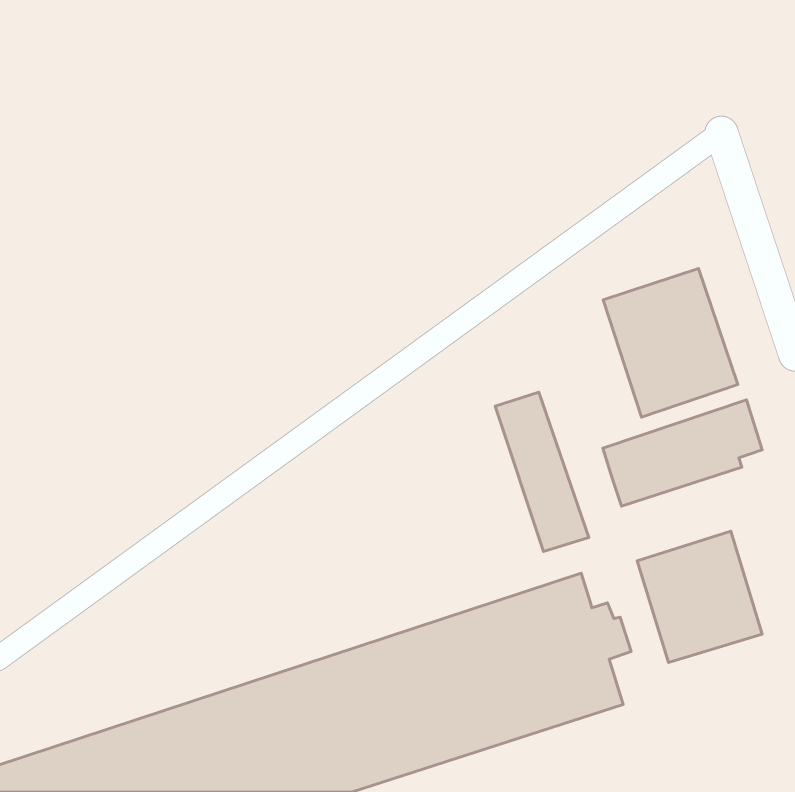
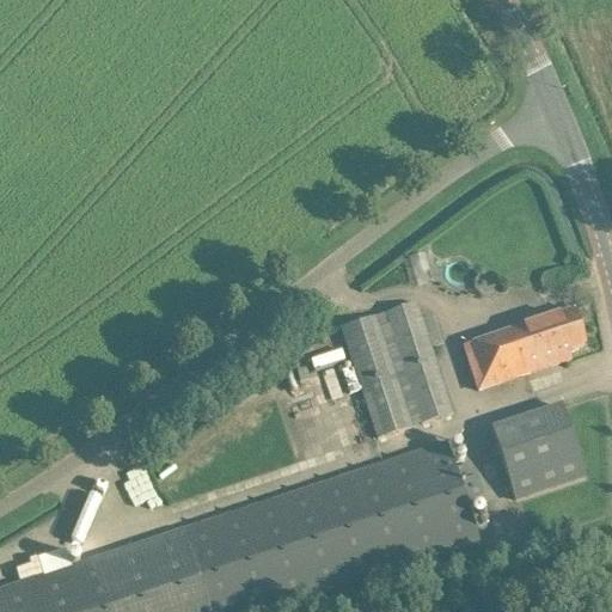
building: [603,268,738,417] -> none
building: none -> [338,311,416,435]

